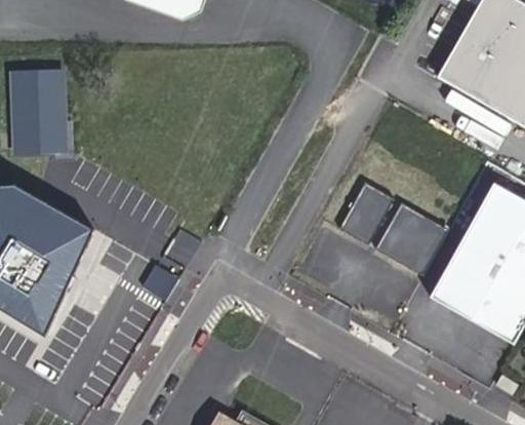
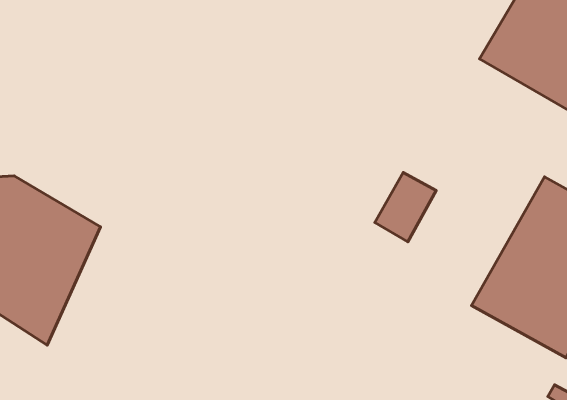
building: [12,70,64,149] -> none
building: [376,202,449,274] -> none

